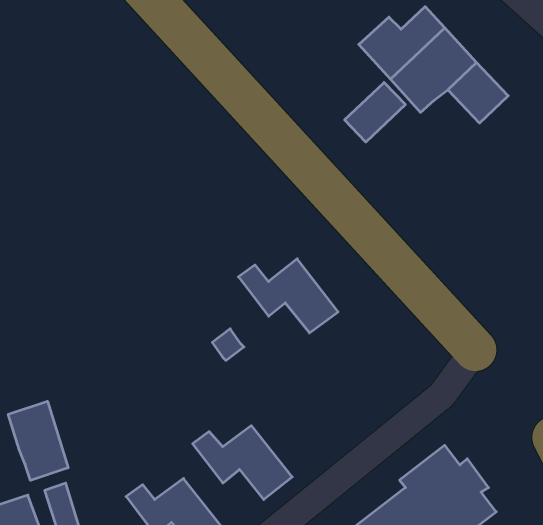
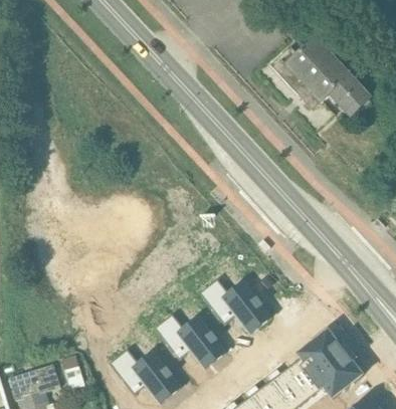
building: [345,82,405,142] -> none
building: [238,259,338,333] -> [206,281,272,331]
building: [8,401,68,480] -> none

